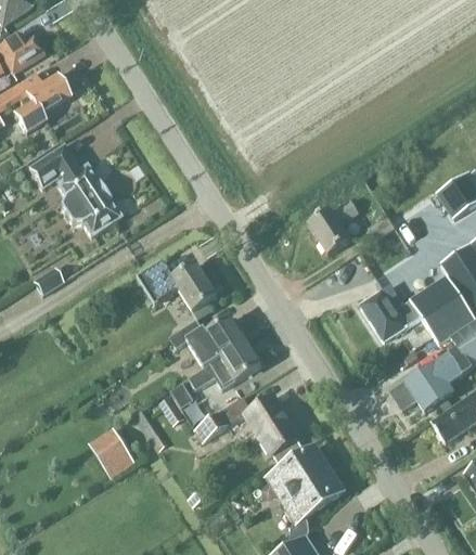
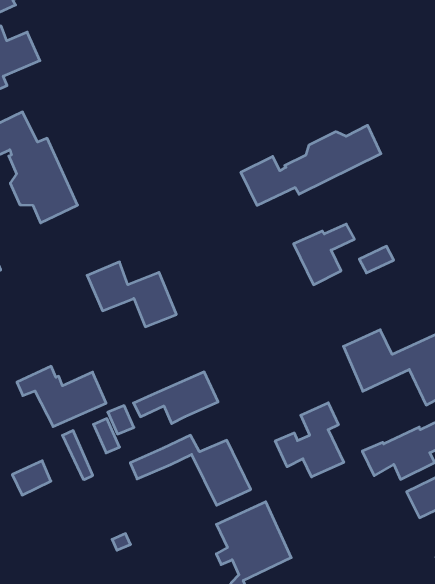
building: none -> [241,125,381,205]
building: [169,318,247,369] -> [17,366,106,427]
building: none -> [275,403,344,477]

